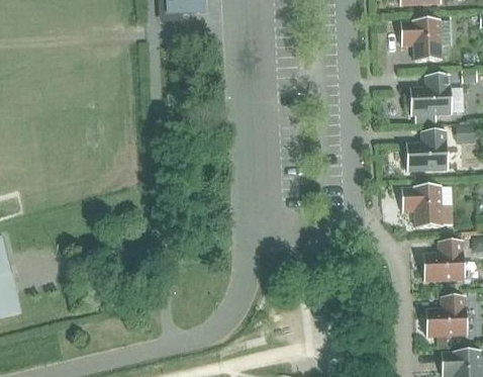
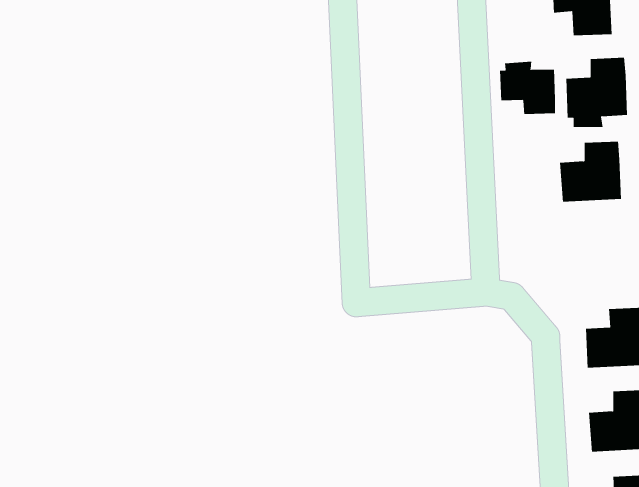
building: none -> [500,61,556,115]
building: [401,185,452,226] -> none

